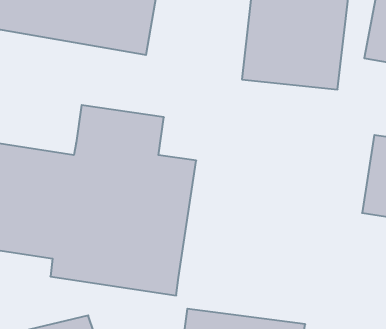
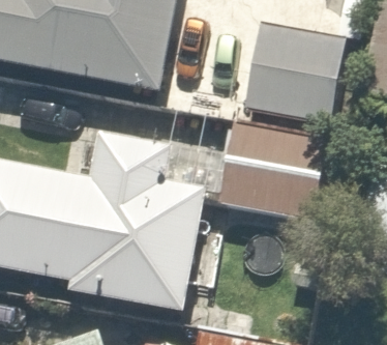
building: none -> [216,116,324,219]

